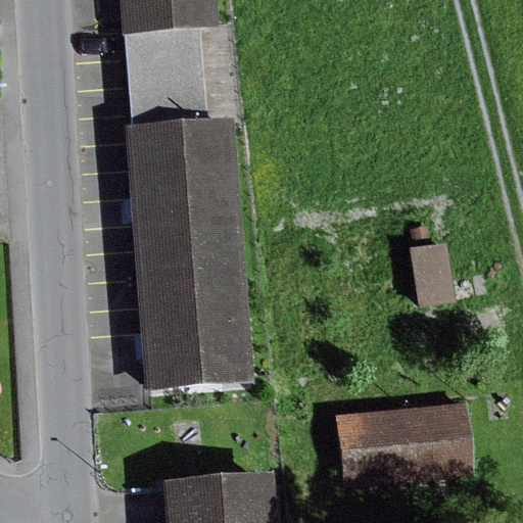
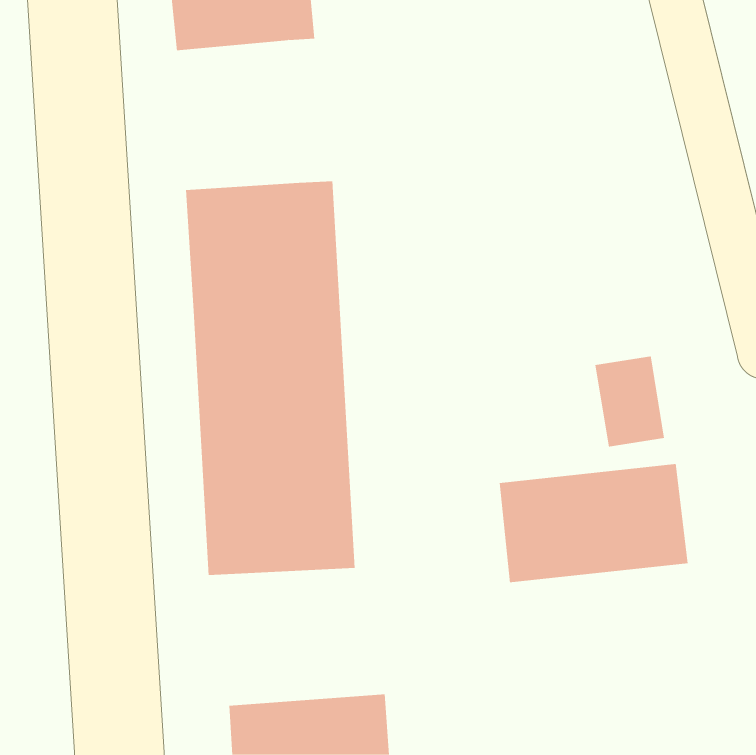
building: [126,28,209,130] -> none
building: [339,403,469,485] -> [499,463,688,583]

